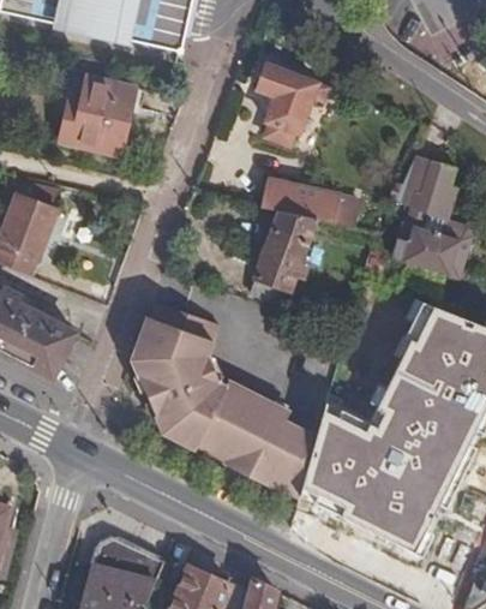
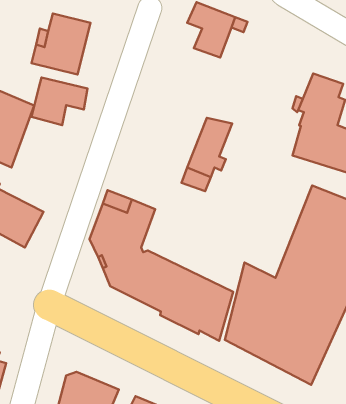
building: none -> [31,77,87,125]
building: [262,178,358,227] -> none

